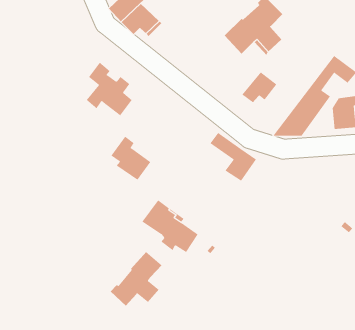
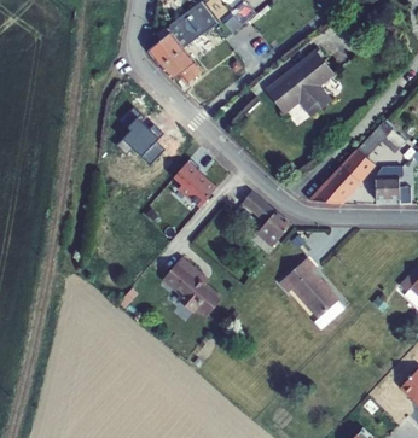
building: [242,72,277,103] -> none
building: [111,136,151,181] -> [173,158,215,206]
building: none -> [279,258,343,328]
building: [110,251,162,306] -> none

